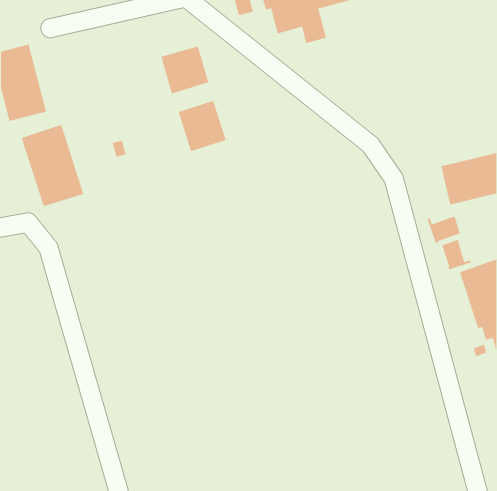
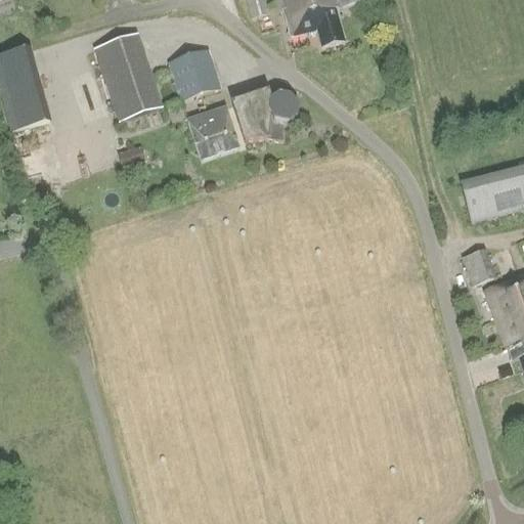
building: none -> [231,89,300,140]
building: [21,124,84,207] -> [95,33,162,120]
building: [427,216,461,244] -> none

